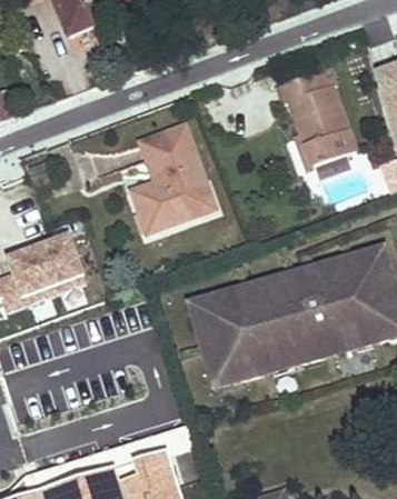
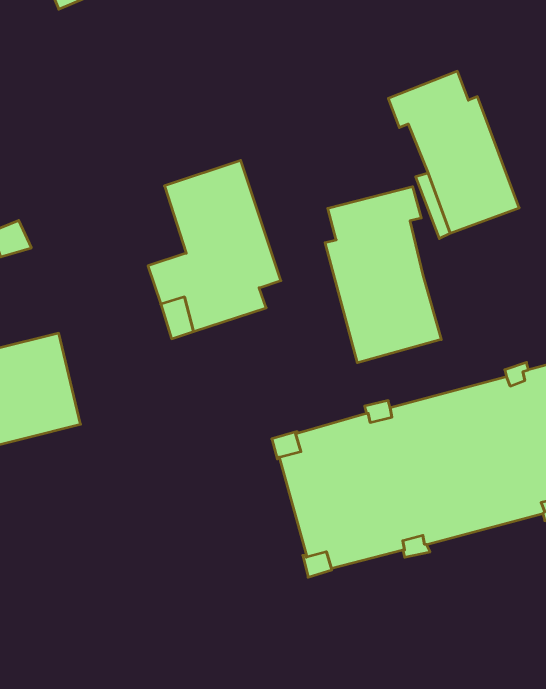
building: none -> [325,187,441,363]

